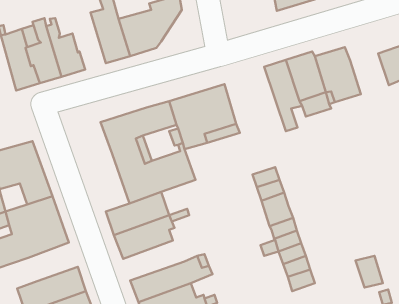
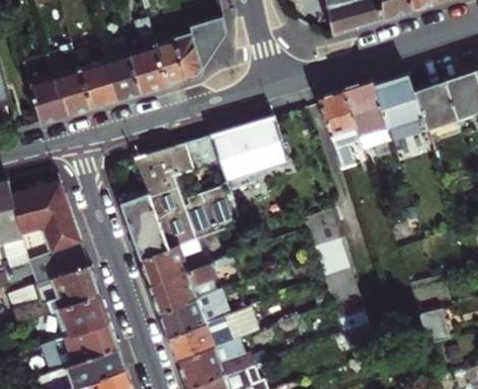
building: none -> [103,30,140,100]
building: none -> [413,82,457,128]
building: none -> [121,194,167,259]
building: none -> [160,290,228,335]
building: none -> [54,293,109,336]

